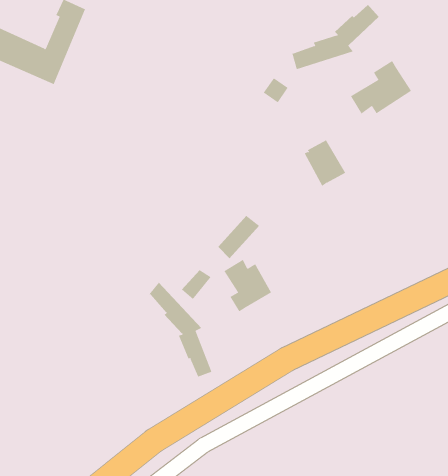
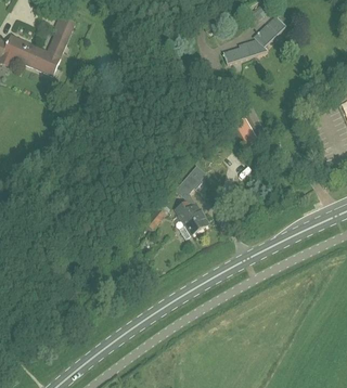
building: [350,60,412,114] -> none
building: [148,282,212,378] -> none

